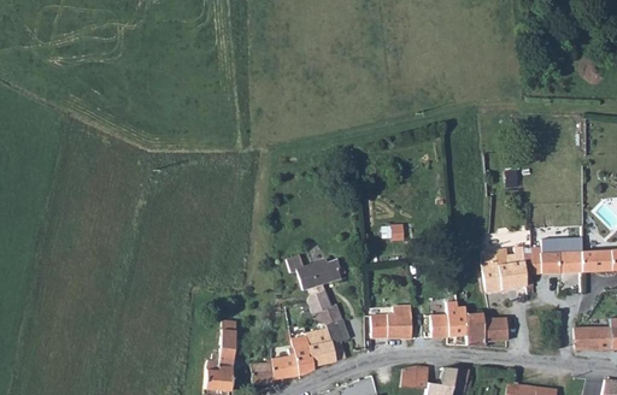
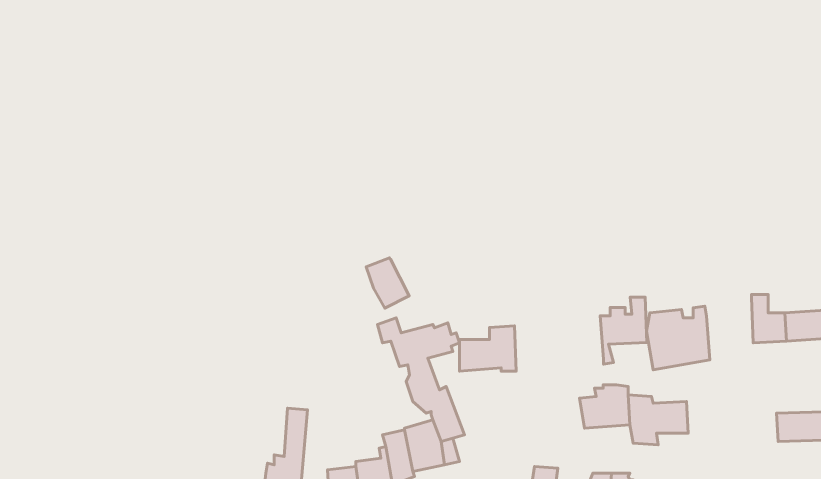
building: none -> [366,258,409,308]
building: [524,242,558,290] -> [600,297,647,364]
building: [371,307,412,340] -> [459,326,516,371]

